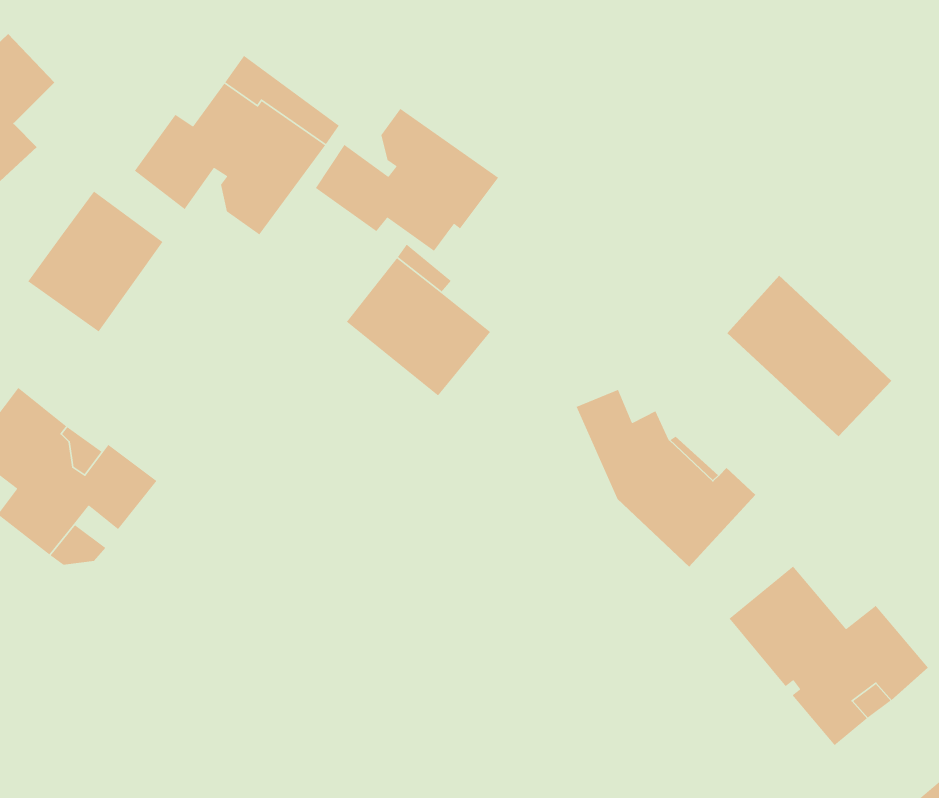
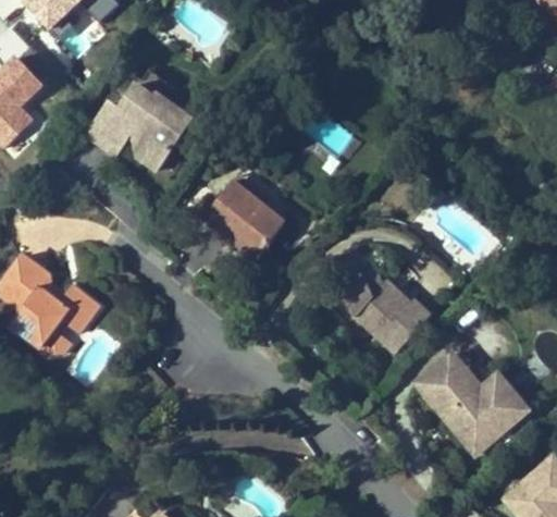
building: [315,108,499,252] -> none
building: [27,191,164,332] -> none
building: [726,275,892,437] -> none

